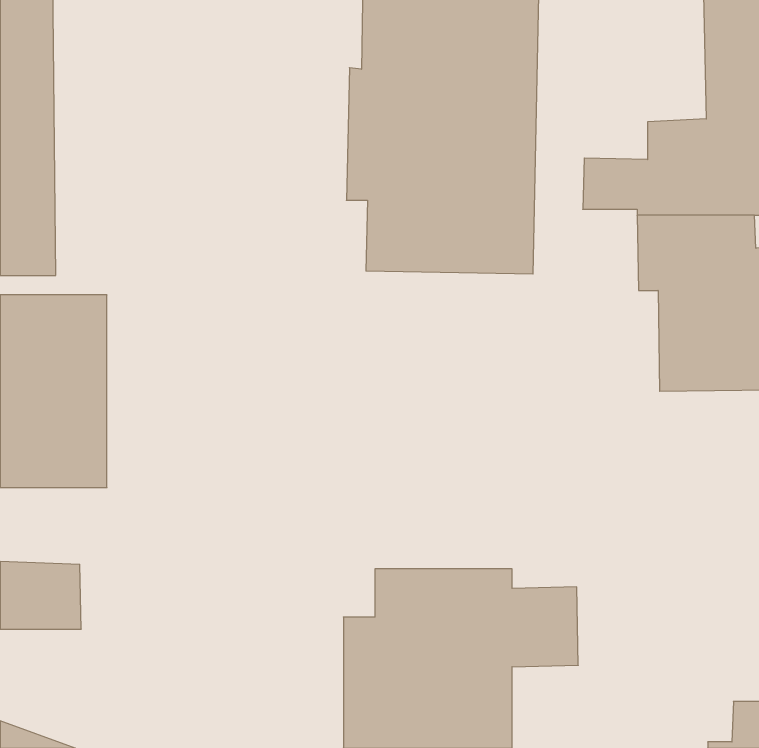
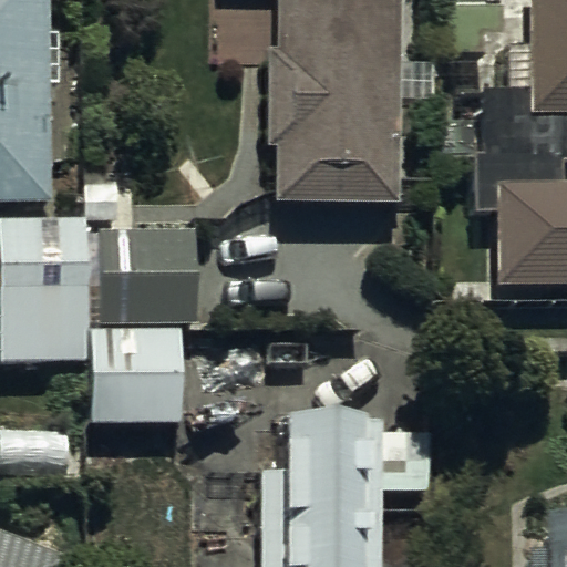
building: none -> [92,229,194,425]

